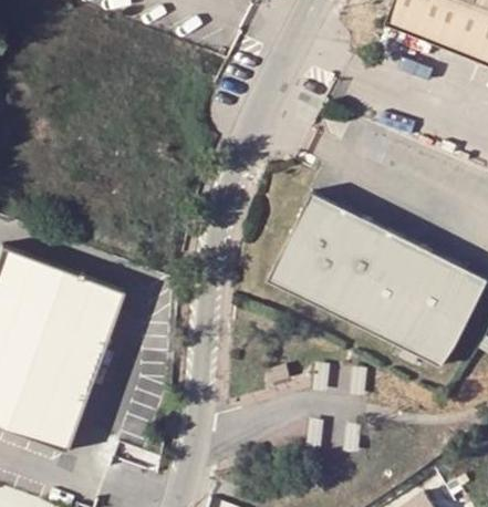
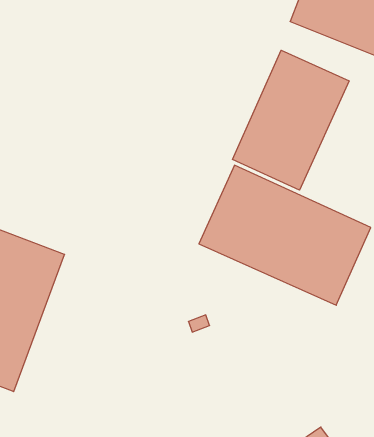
building: none -> [233,50,349,190]

